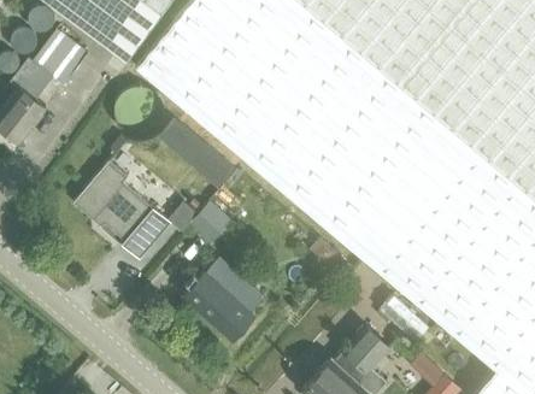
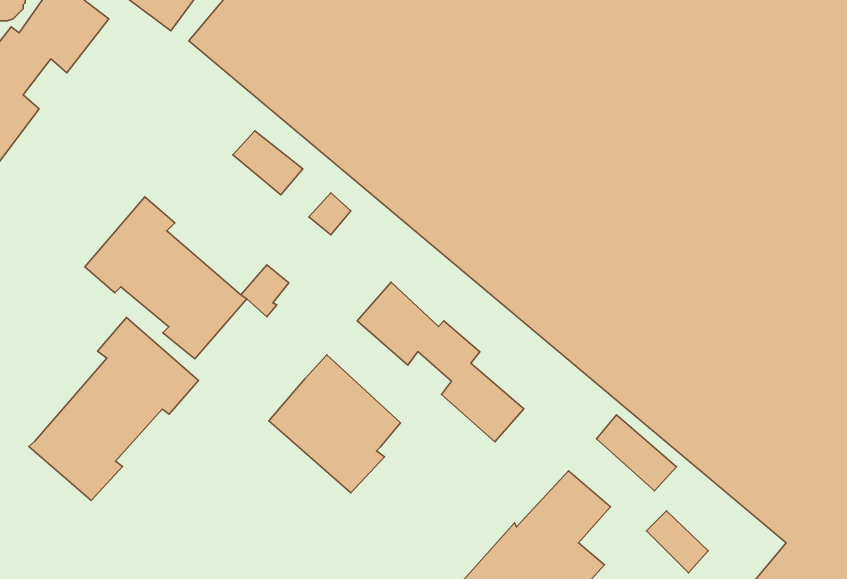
building: [187,200,228,241] -> none
building: none -> [357,282,524,442]
building: none -> [29,318,198,500]

